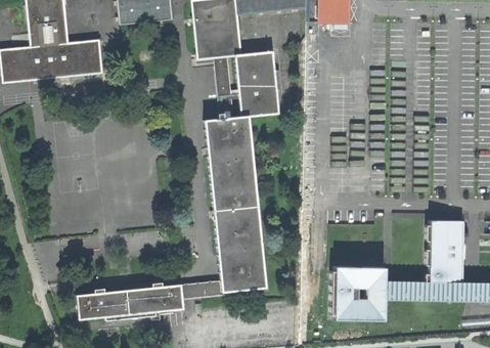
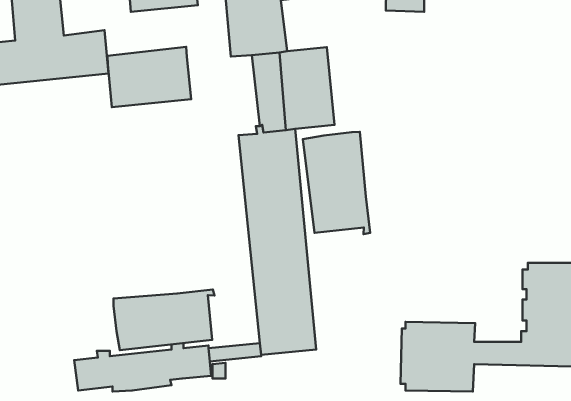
building: none -> [107,47,191,107]
building: none -> [303,132,370,234]
building: none -> [113,289,214,350]

